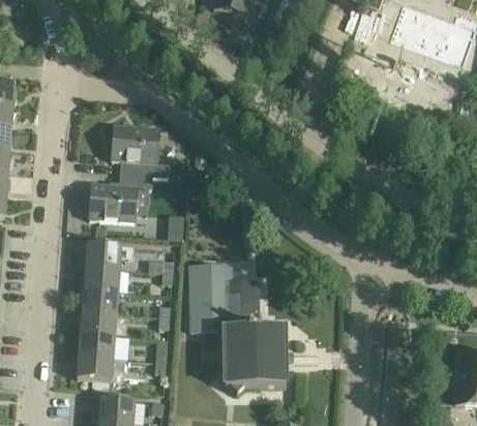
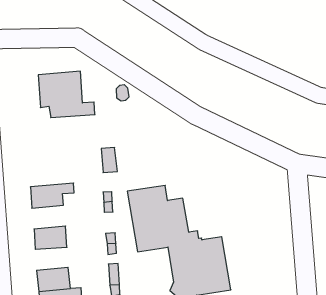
building: [89,174,168,222] -> none
building: [84,267,119,292] -> none
building: [80,311,116,336] -> none

